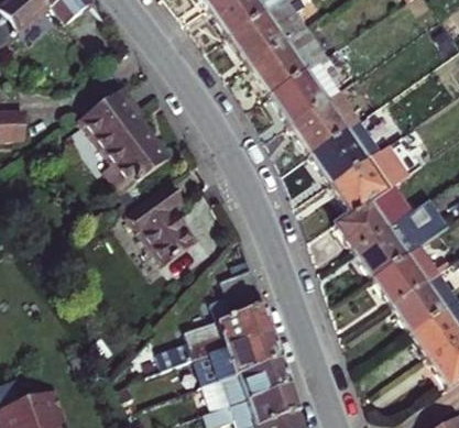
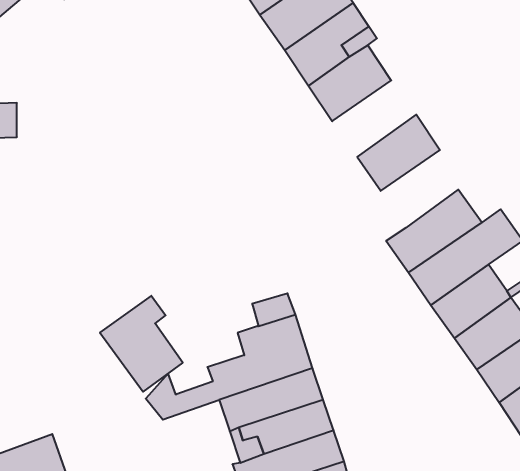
building: [78,88,168,194] -> none
building: [288,91,359,155] -> none
building: [329,143,409,215] -> none
building: [127,186,196,266] -> [100,296,183,392]

